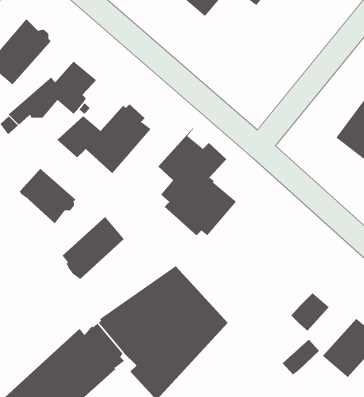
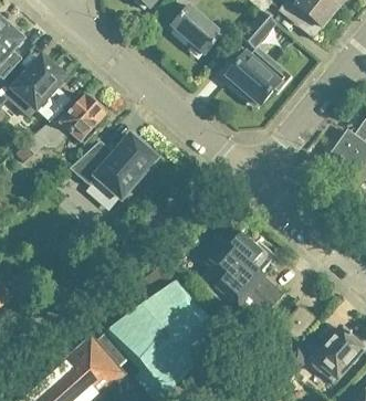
building: none -> [226,45,292,104]
building: [158,128,237,236] -> [212,225,284,324]
building: [19,168,76,224] -> none
building: [62,216,125,280] -> none

